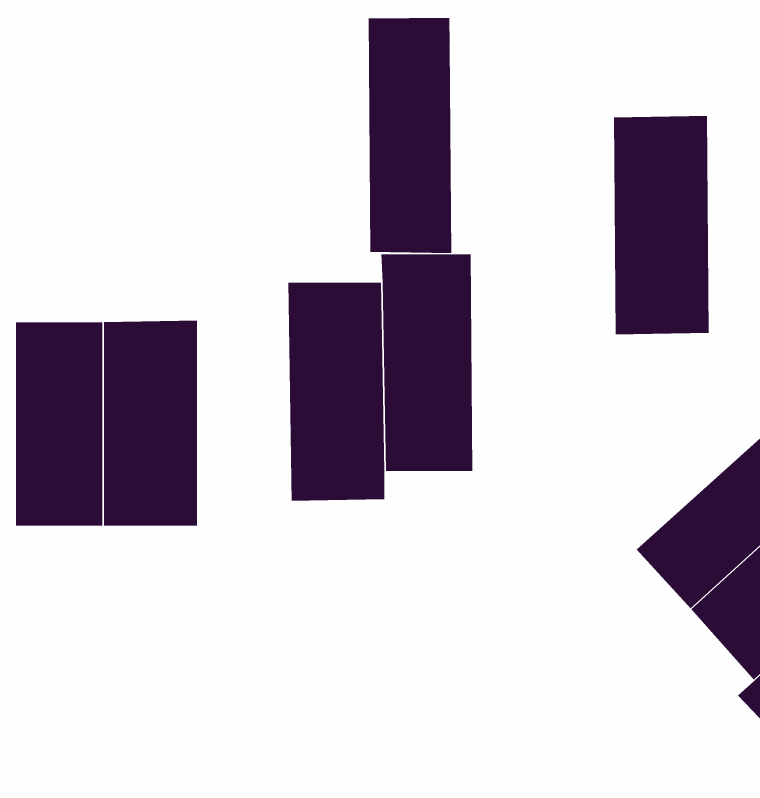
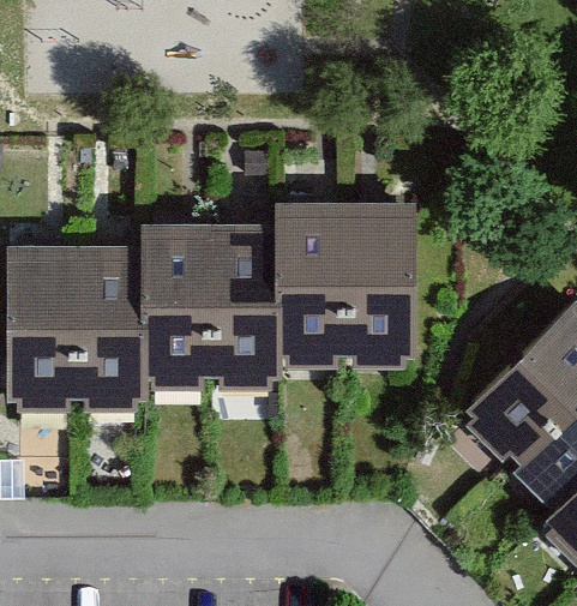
building: [368,17,452,254] -> none
building: [613,116,709,335] -> [344,200,414,359]
building: none -> [146,222,214,380]

